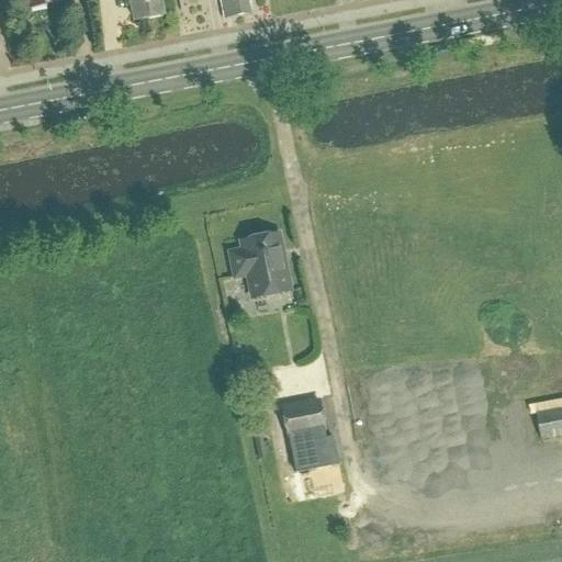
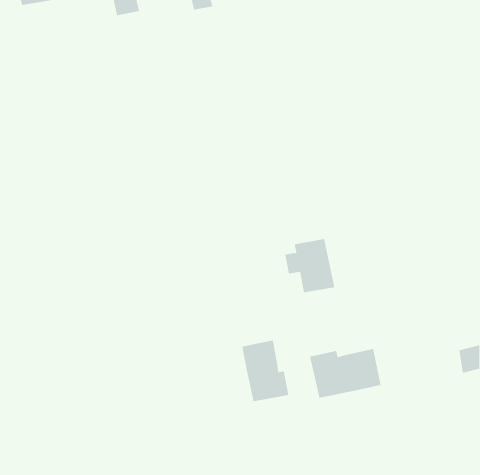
building: [231,232,290,295] -> [284,239,335,293]
building: none -> [309,348,381,398]

